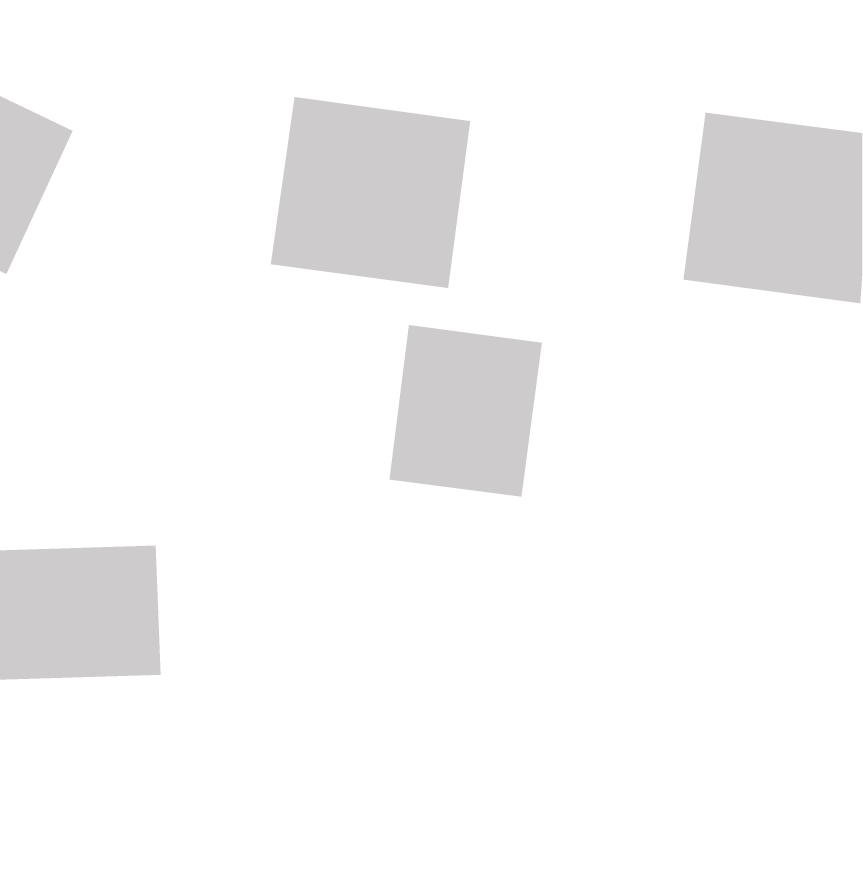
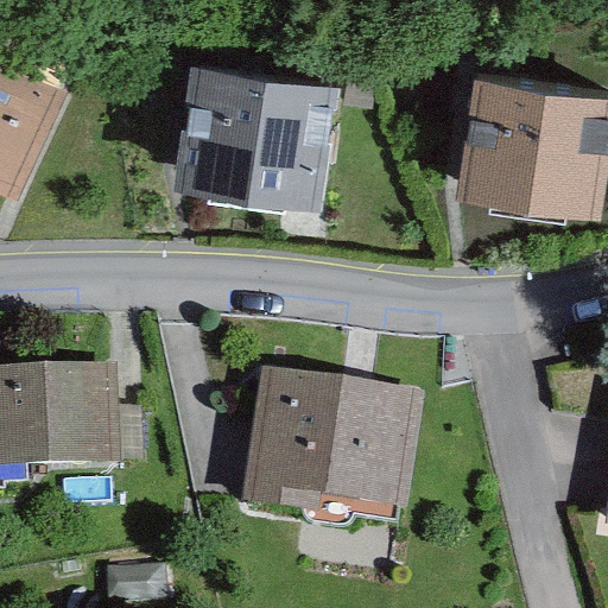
building: [389,324,543,497] -> none
building: none -> [247,384,417,518]

